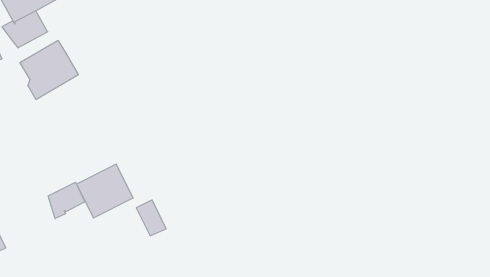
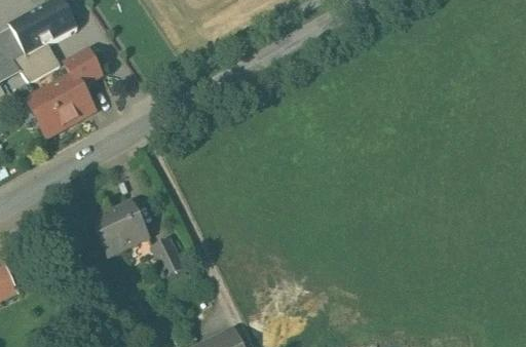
building: none -> [63,48,102,87]
building: [48,182,85,219] -> none

